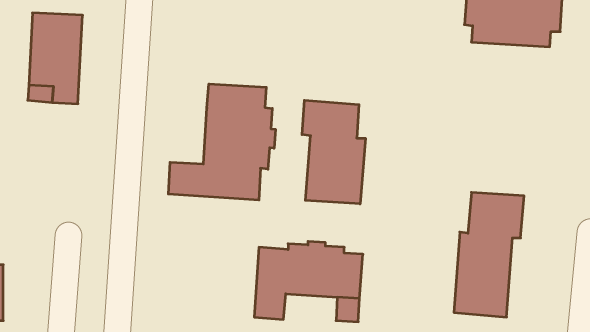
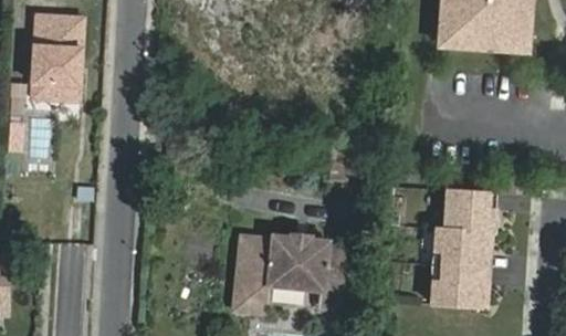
building: [168,84,275,200] -> none
building: [302,100,365,204] -> none

